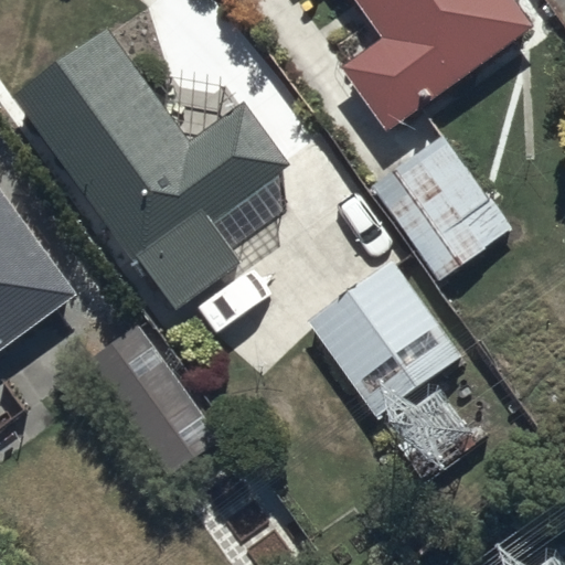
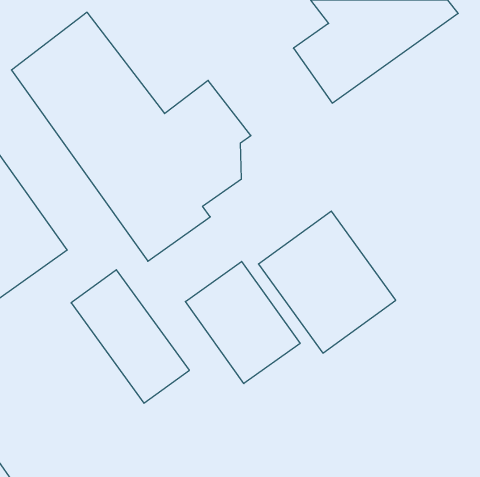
building: [367,134,510,282] -> none
building: none -> [185,261,300,384]

